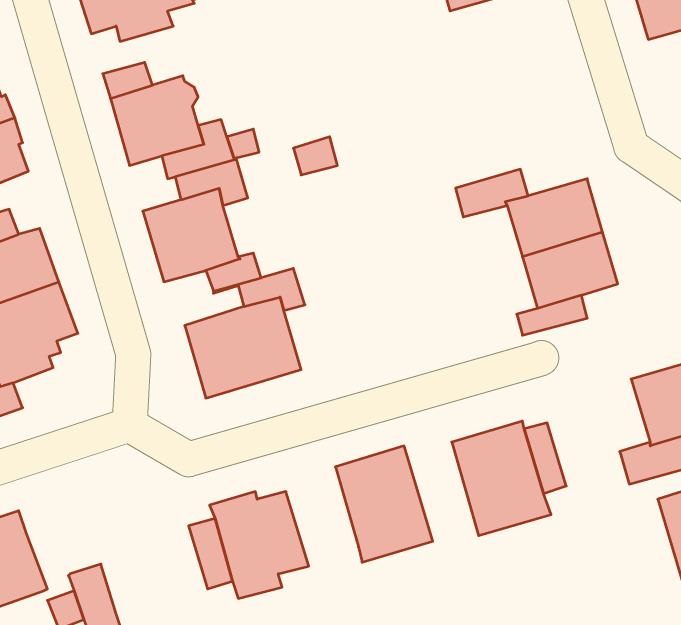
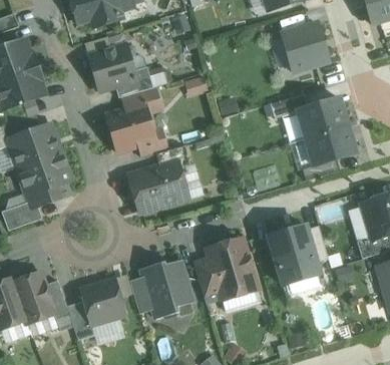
building: none -> [282,22,329,72]
building: none -> [193,257,220,296]
building: none -> [80,276,127,326]
building: none -> [45,280,70,319]

